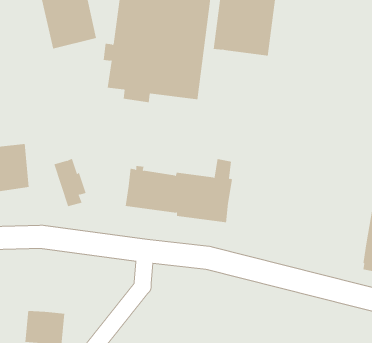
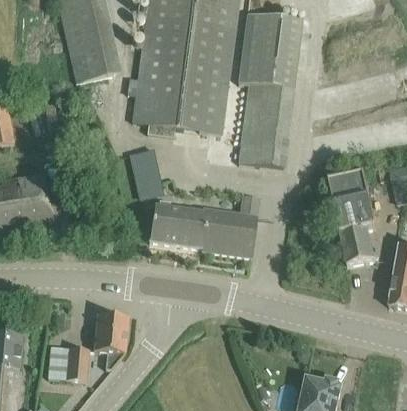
building: none -> [238,83,294,168]
building: none -> [328,171,376,265]
building: [54,158,86,207] -> [133,148,166,197]
building: none -> [94,313,128,368]

